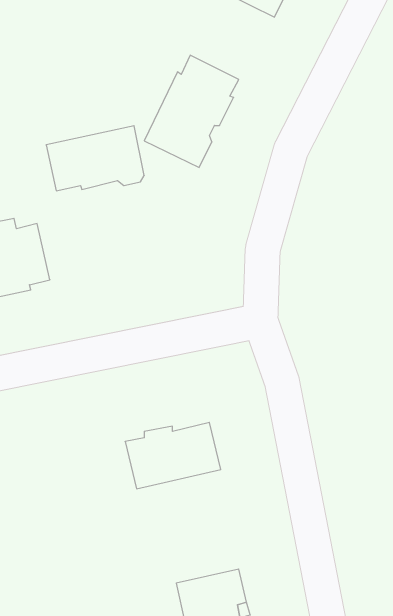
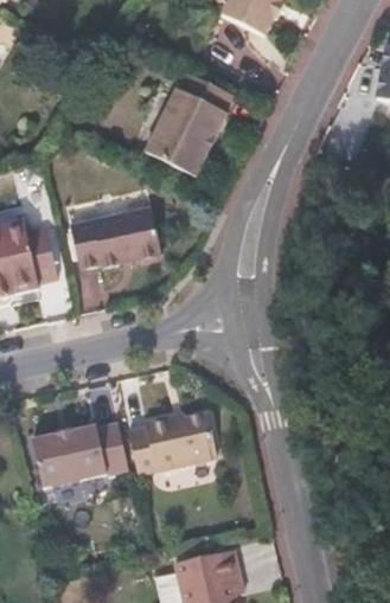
building: [46,126,144,191] -> [69,209,160,269]
building: none -> [31,423,126,488]

